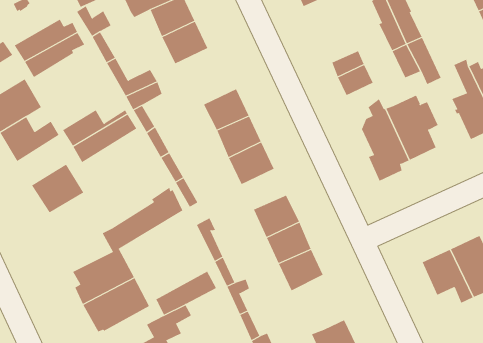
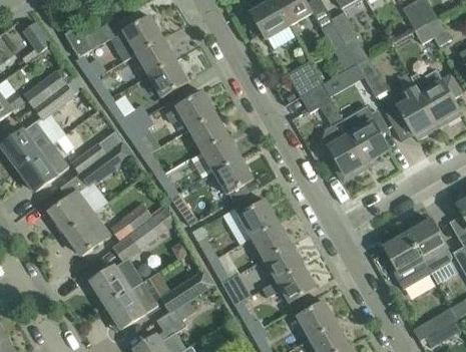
building: none -> [165,91,215,129]
building: none -> [110,203,153,241]
building: none -> [66,213,110,255]
building: none -> [262,265,316,303]

